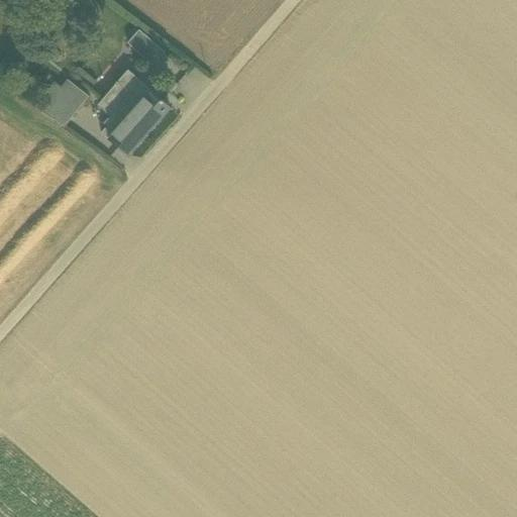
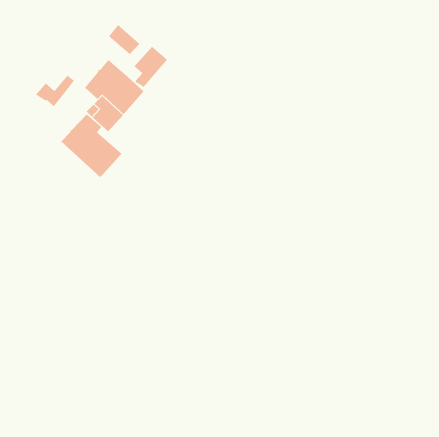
building: none -> [133,46,168,88]
building: none -> [60,114,122,178]

